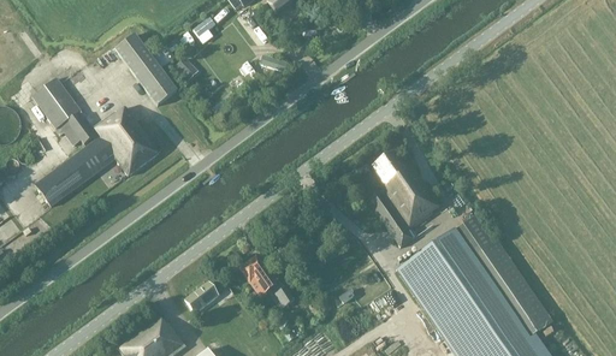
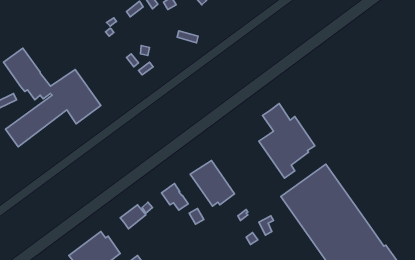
building: [114,32,176,105] -> none
building: [454,215,552,336] -> none
building: none -> [190,160,234,206]

